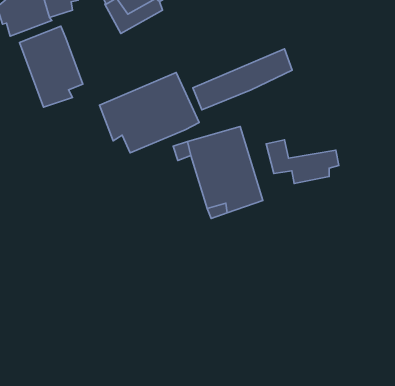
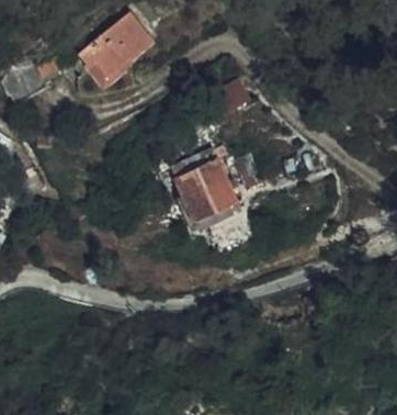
building: [19,26,83,107] -> none
building: [99,72,199,153] -> none

